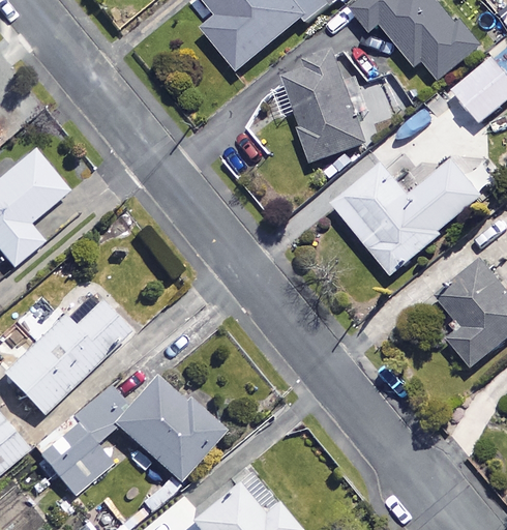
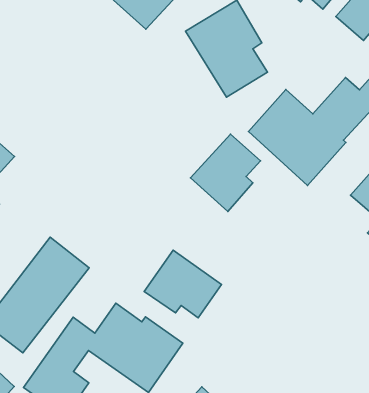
building: none -> [191,134,261,211]
building: none -> [144,250,221,318]

